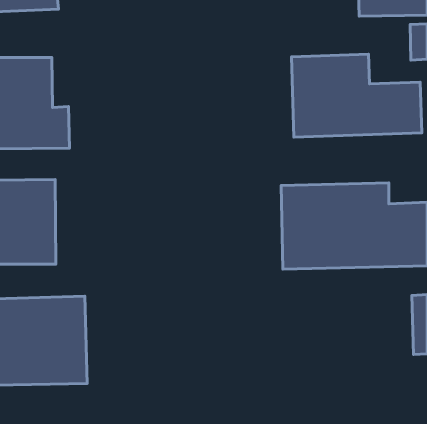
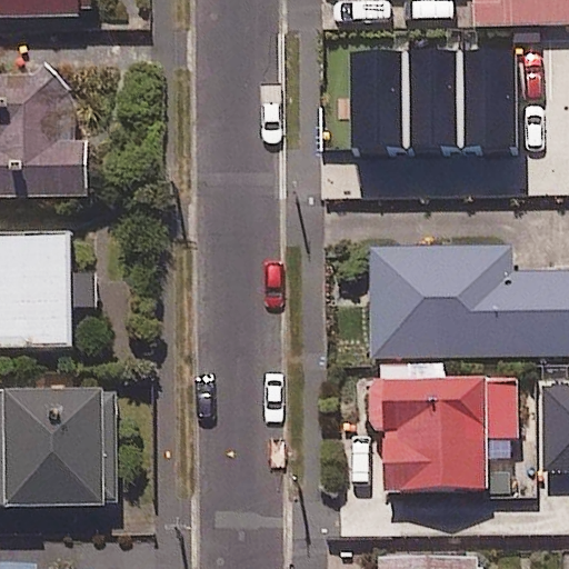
building: none -> [370,379,516,492]

